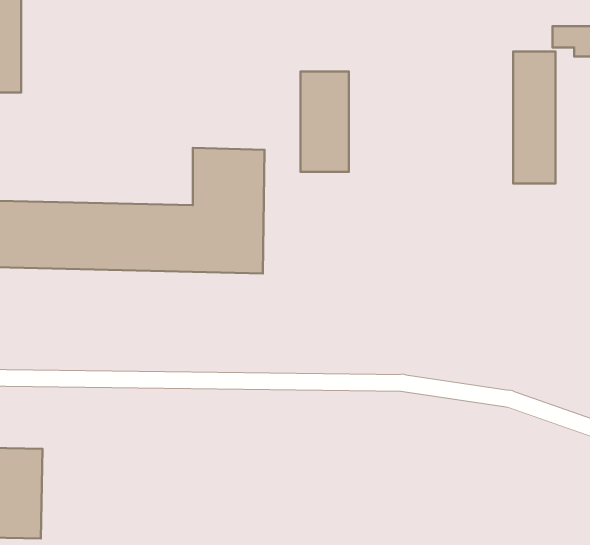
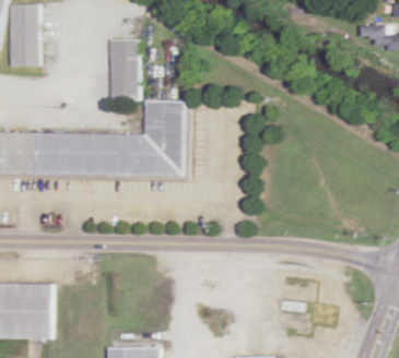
building: [513,52,555,183] -> none
building: [300,71,349,172] -> [108,39,138,100]

